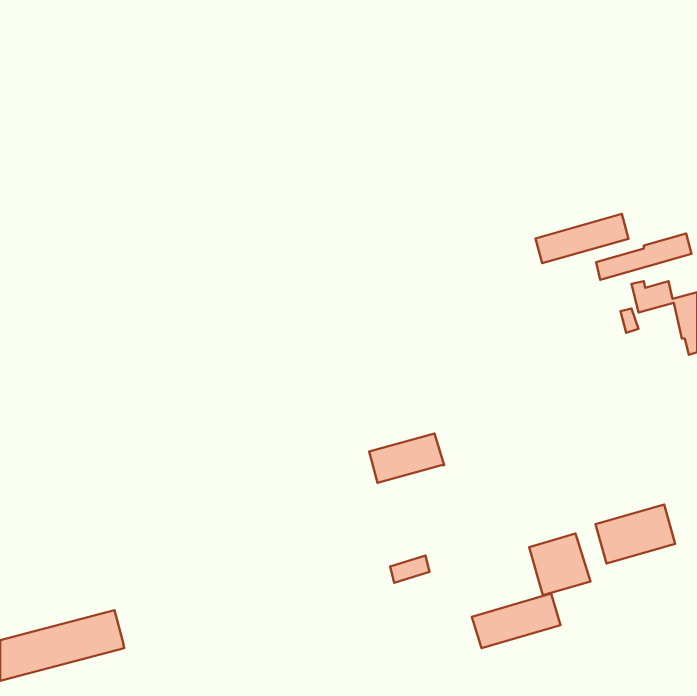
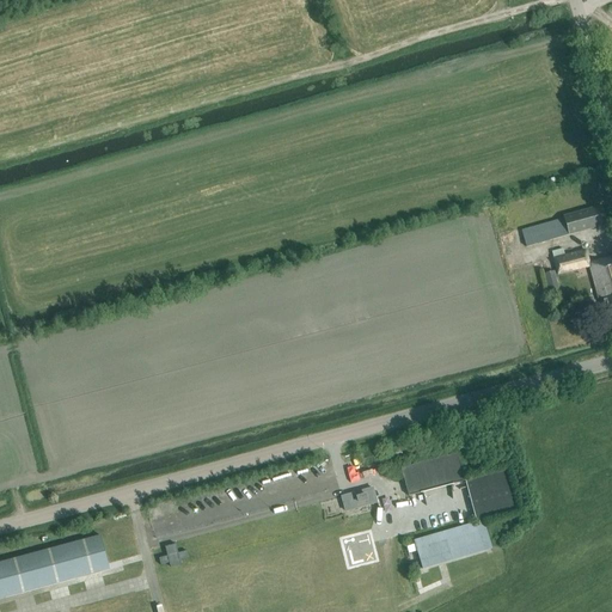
building: [536,214,628,263] -> none
building: [369,434,444,483] -> [400,452,466,495]
building: [596,505,675,564] -> none

